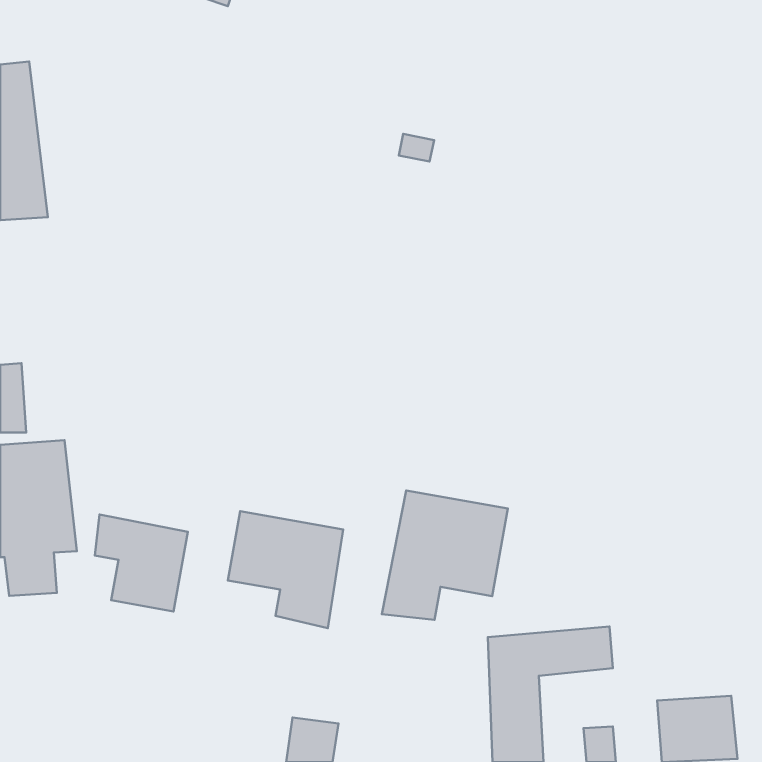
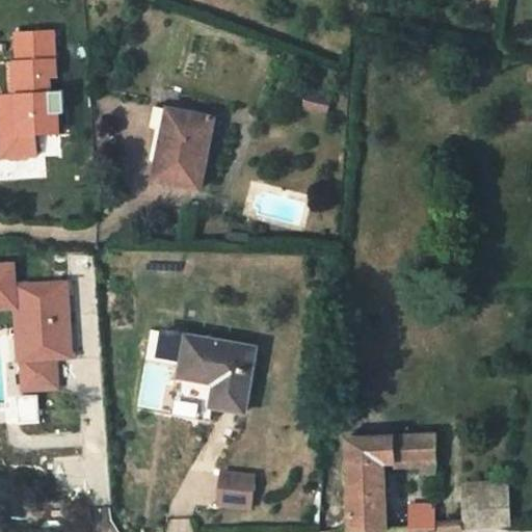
building: none -> [142,117,198,196]
building: [382,490,508,620] -> none
building: [95,514,188,611] -> none

